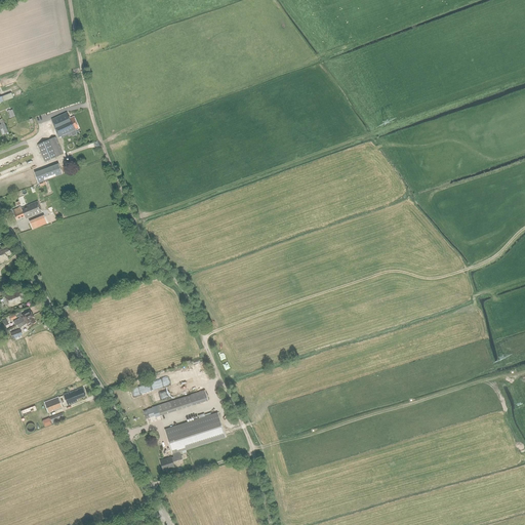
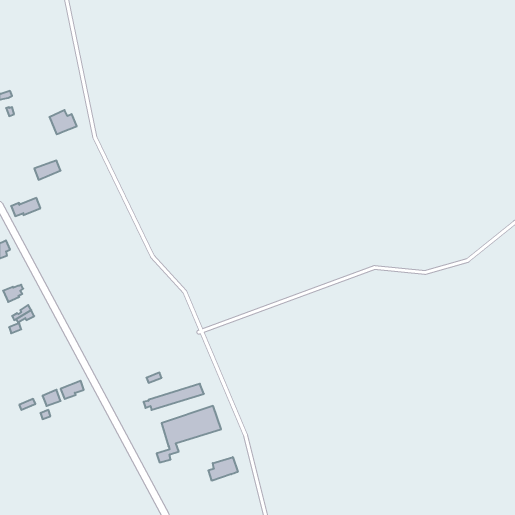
building: [36,136,63,161] -> none
building: none -> [208,457,238,481]

